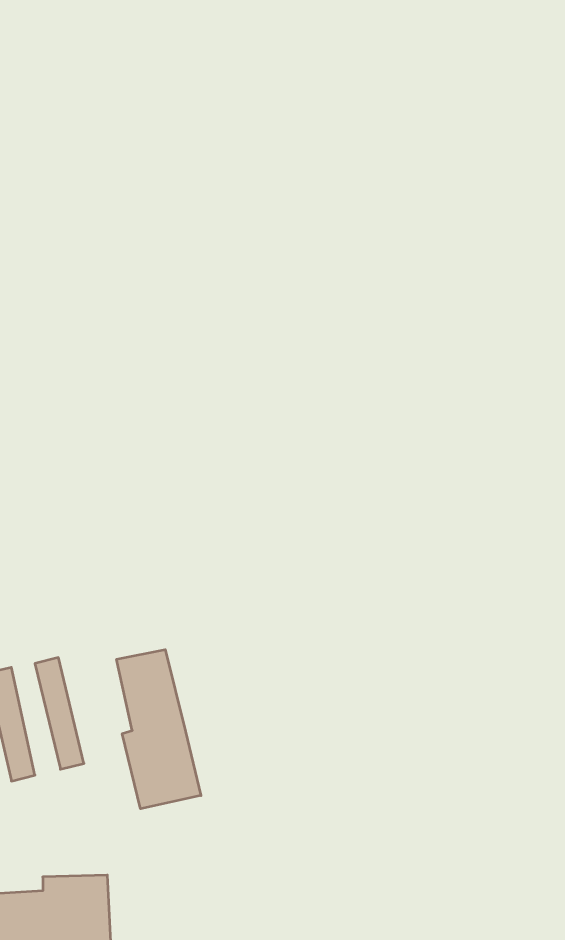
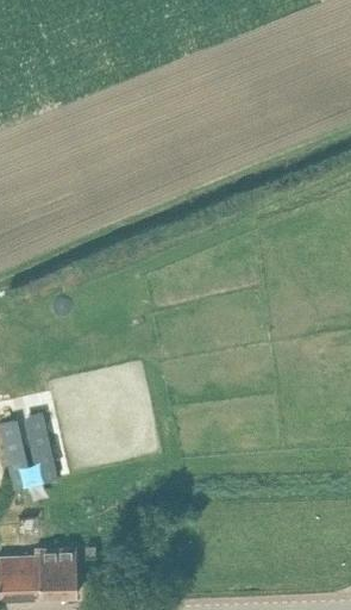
building: [117,650,201,809] -> none

